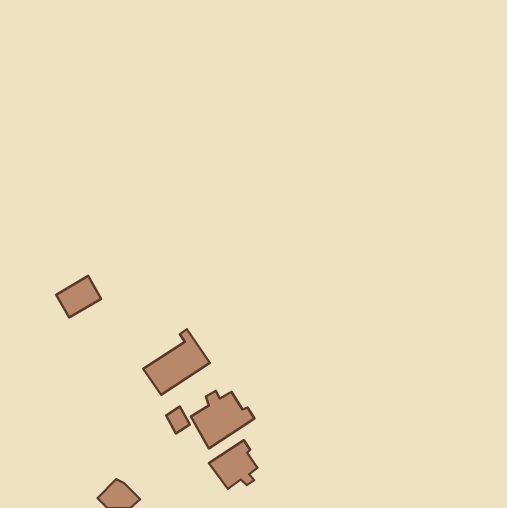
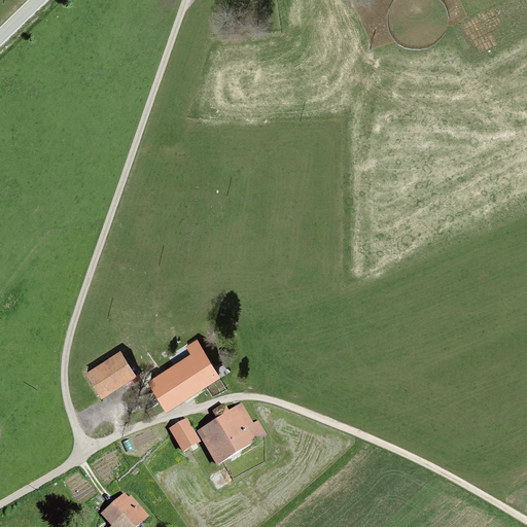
building: [56,276,101,318] -> [85,352,132,395]
building: [209,440,258,489] -> none

